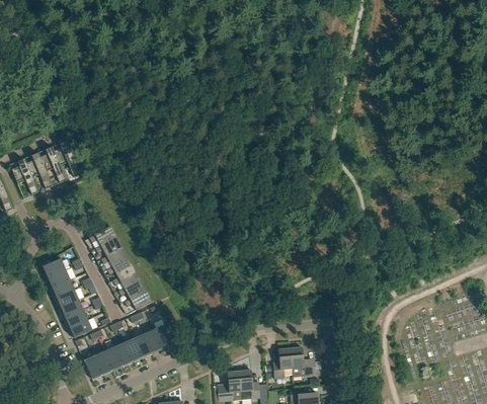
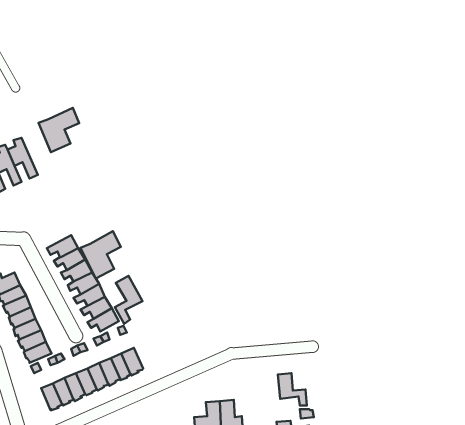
building: none -> [39,108,79,152]
building: none -> [80,231,121,279]
building: none -> [115,276,142,324]
building: [272,347,292,378] -> none

